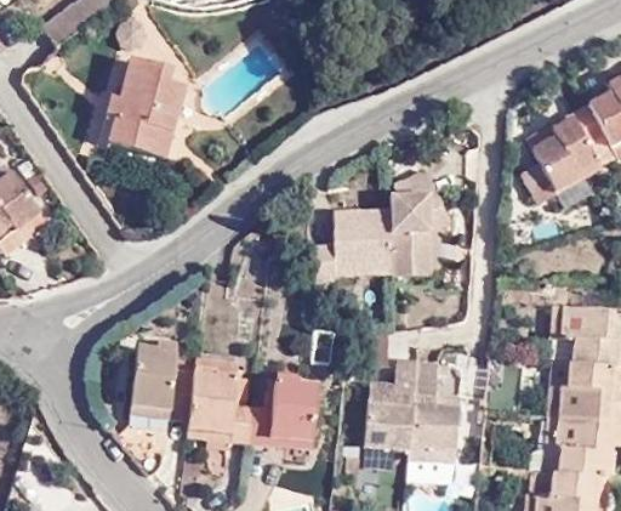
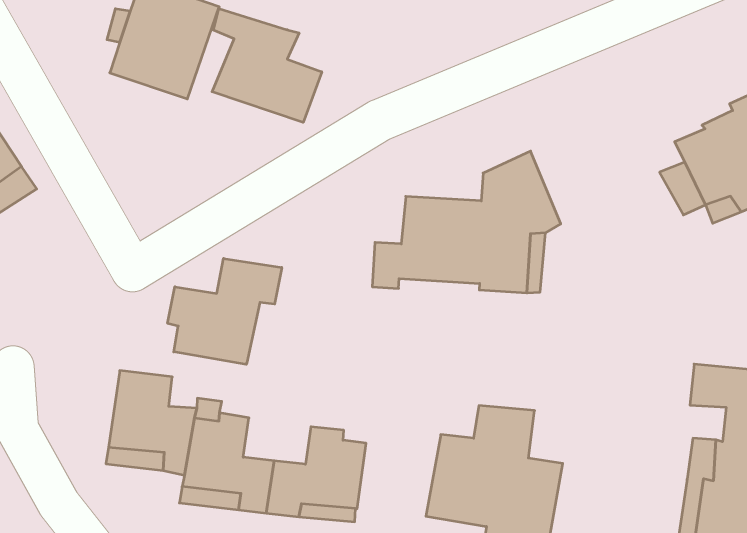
building: none -> [212,9,322,122]
building: none -> [168,258,282,364]

